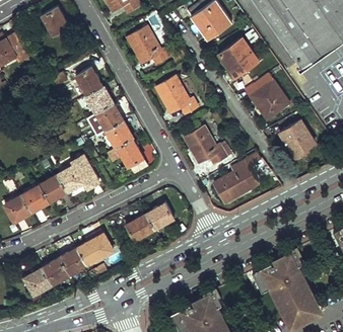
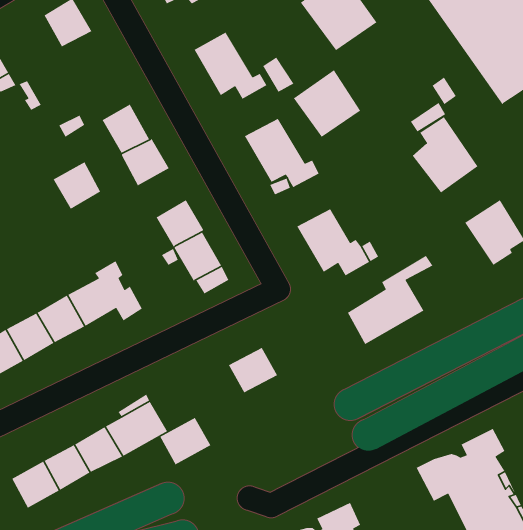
building: [218,37,257,76] -> [293,69,361,138]
building: [95,104,123,132] -> [52,161,101,210]
building: [126,215,155,242] -> [159,417,211,465]

